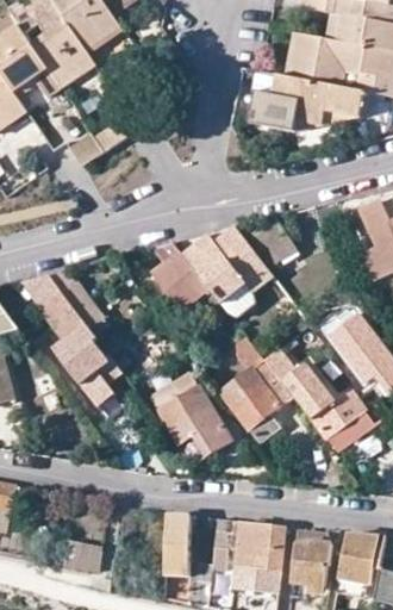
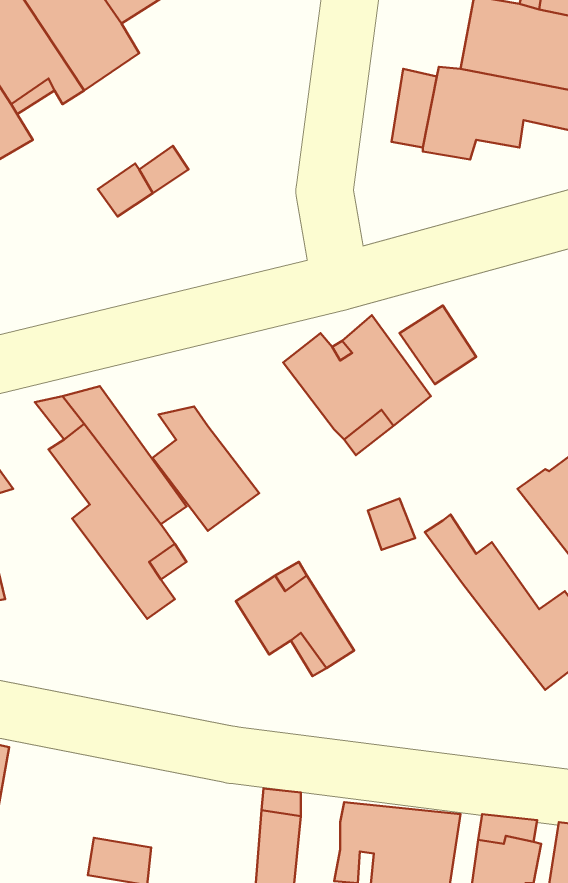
building: [146,242,211,317] -> [153,406,259,531]
building: [220,362,289,446] -> none

